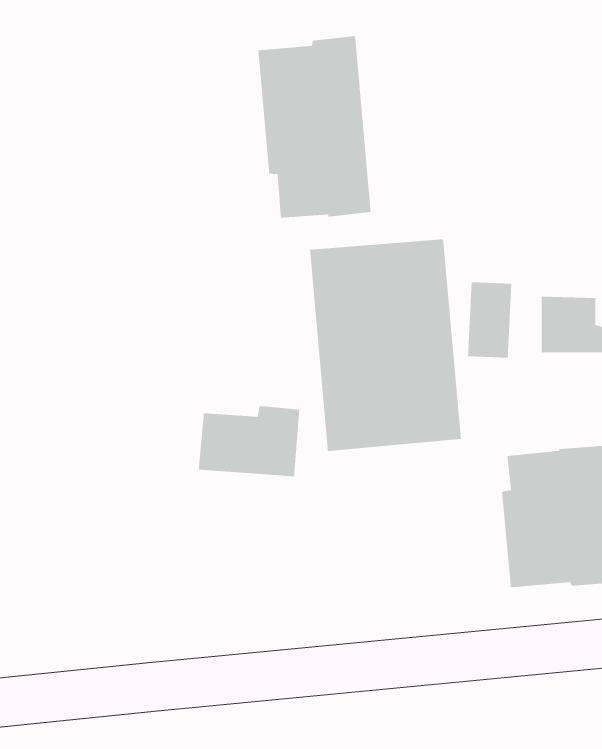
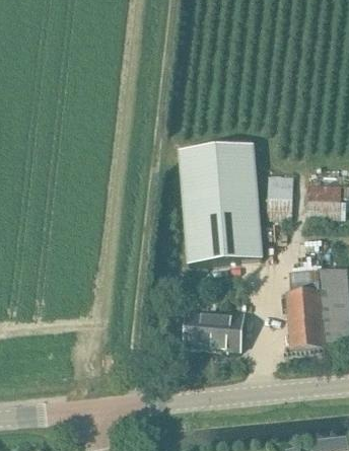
building: [258,35,371,219] -> none
building: [198,405,300,477] -> [184,308,241,349]

